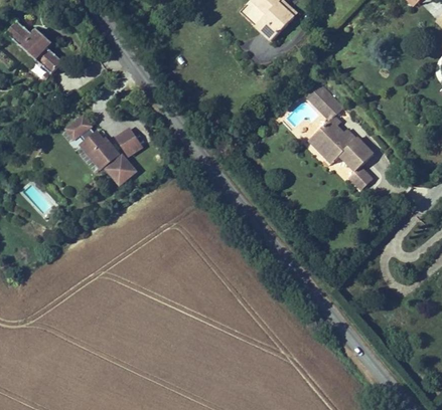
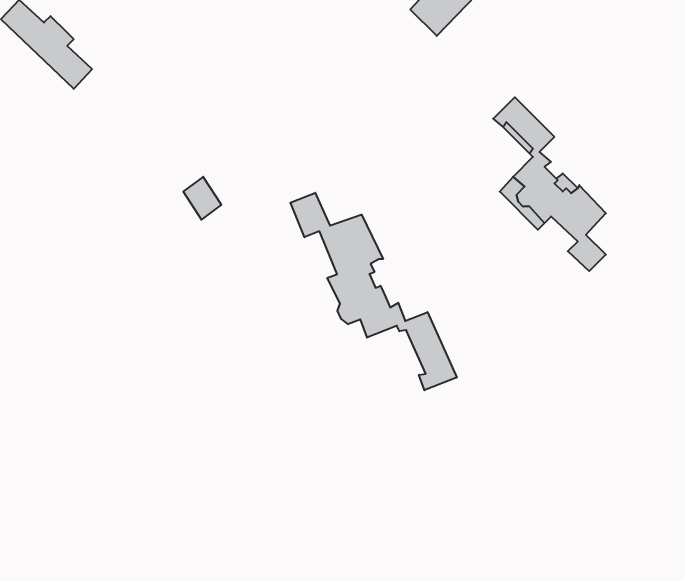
building: [65,116,134,185] -> none
building: none -> [290,193,457,390]

